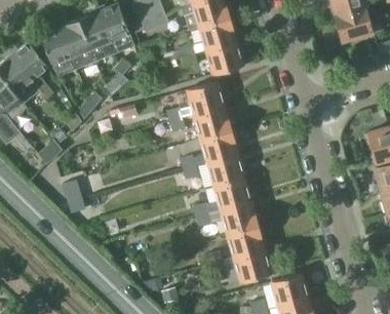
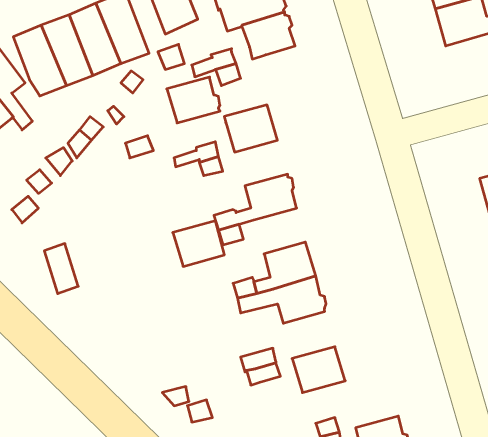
building: [206,41,243,75] -> none
building: [194,107,231,139] -> [167,77,220,123]
building: [207,154,243,186] -> [173,221,224,266]
building: [228,226,264,259] -> none
building: [271,274,308,307] -> none

